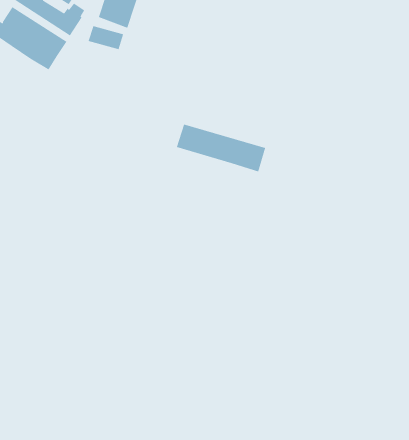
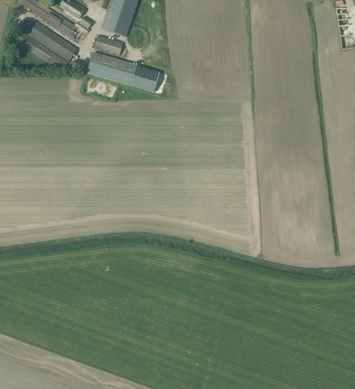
building: [176,124,266,173] -> [86,53,159,92]

